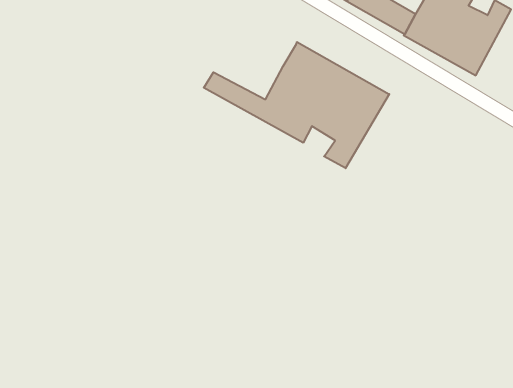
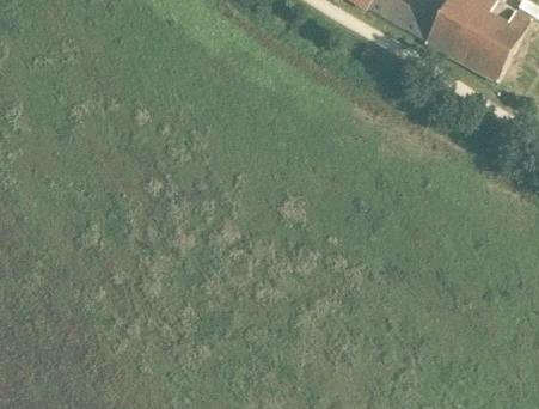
building: [204,42,389,168] -> none

